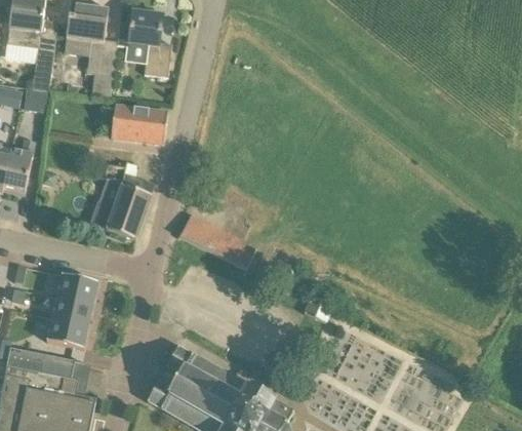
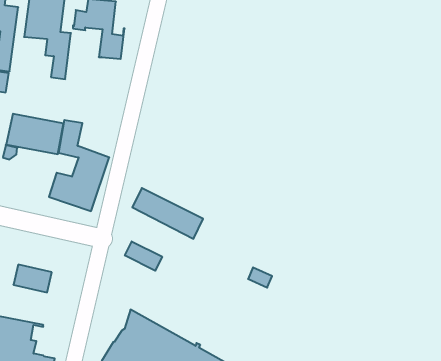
building: [109,102,170,145] -> [6,114,64,154]
building: none -> [125,241,162,271]
building: [57,275,97,305] -> none
building: [47,318,88,348] -> none

